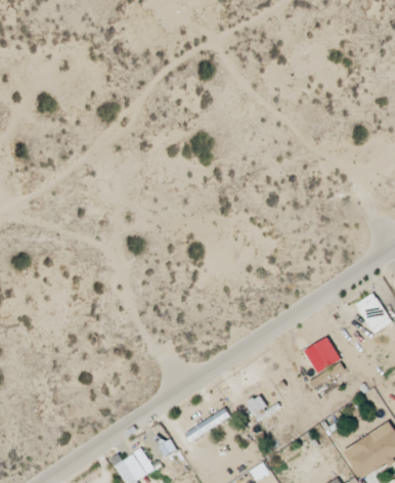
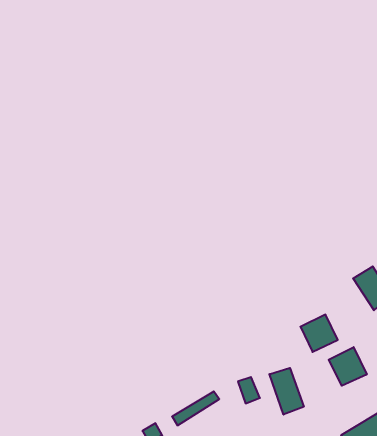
building: none -> [329,347,367,386]
building: none -> [269,368,304,415]

